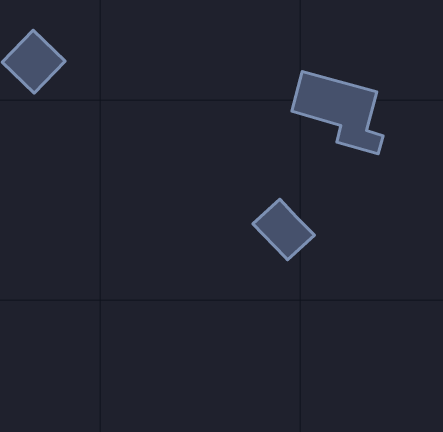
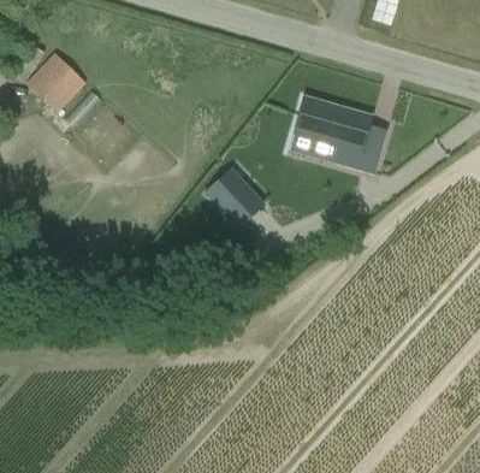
building: [253,199,315,260] -> [203,171,261,227]

